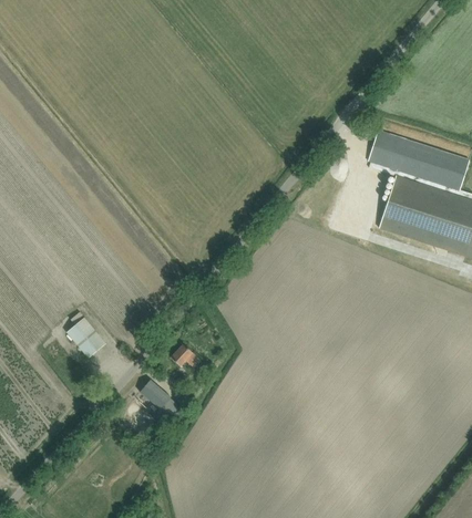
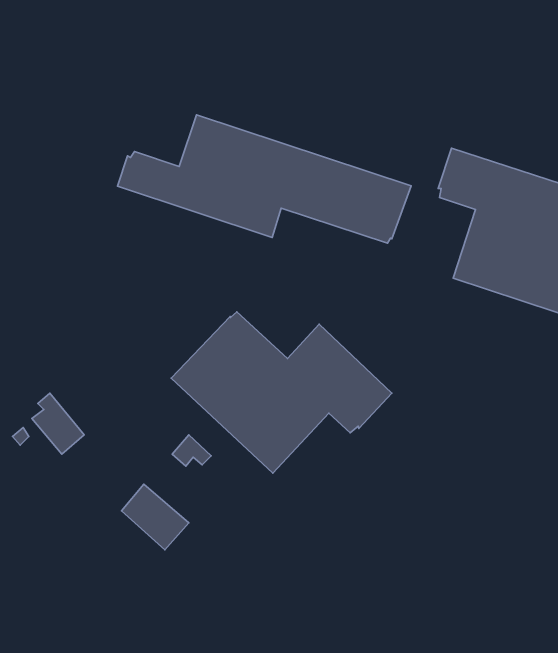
building: none -> [118,115,411,243]
building: none -> [171,312,392,473]

